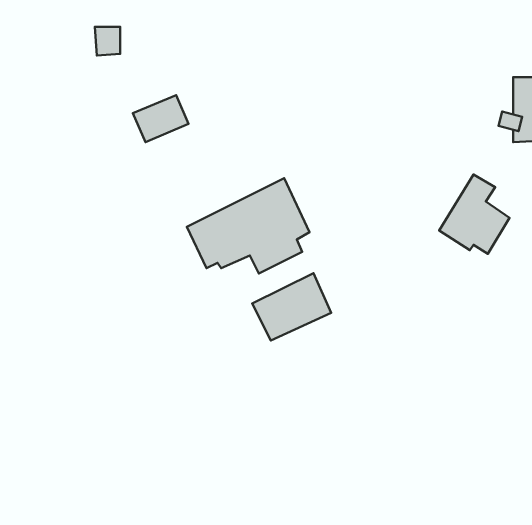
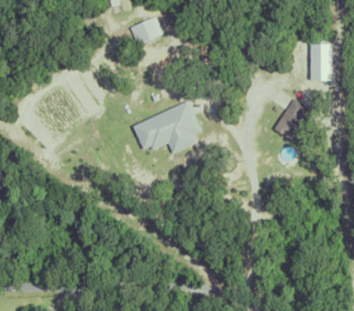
building: [133,95,189,142] -> [129,17,161,44]
building: [252,273,331,341] -> none

